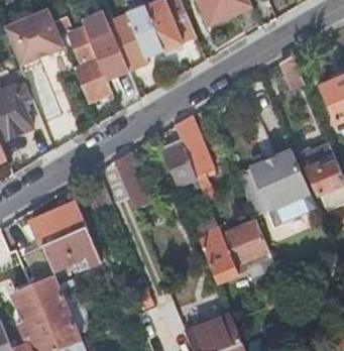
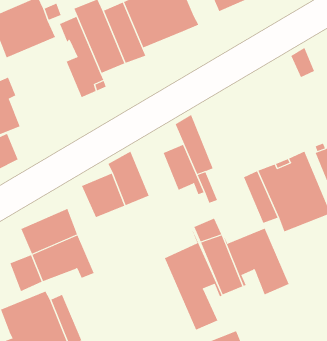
building: none -> [164,230,223,330]

